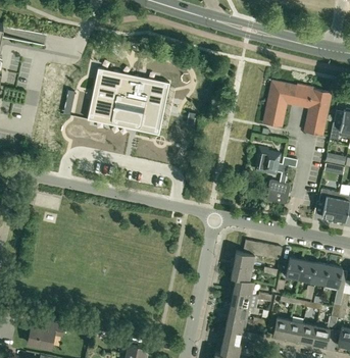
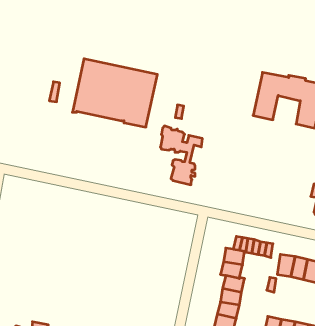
building: [256,148,297,205] -> [160,126,202,185]

